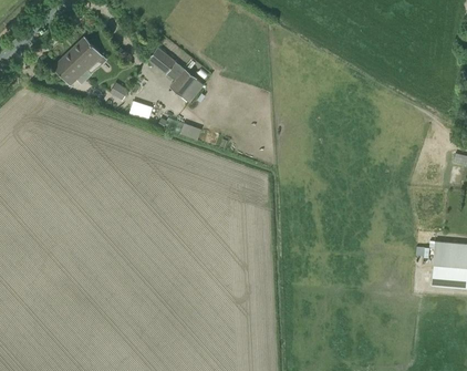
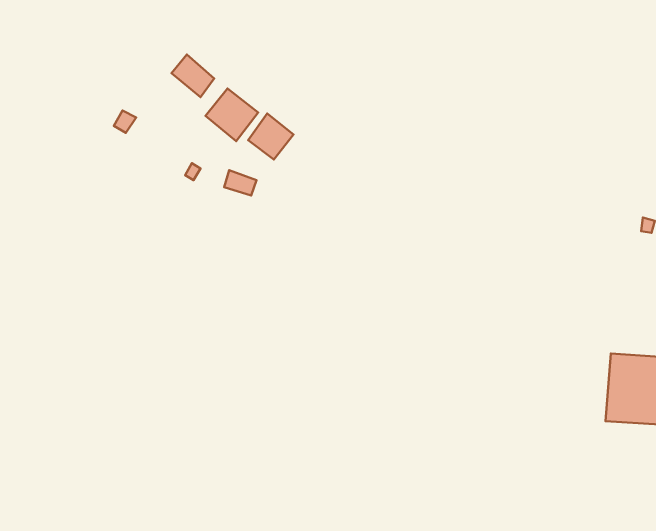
building: [53,37,104,85] -> none
building: none -> [248,114,293,159]

